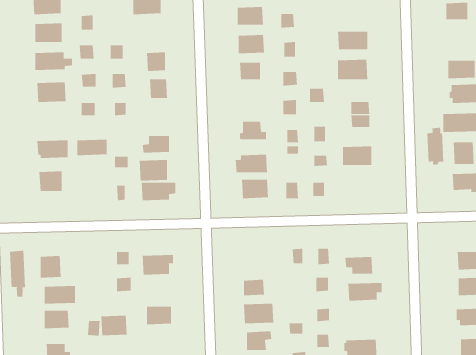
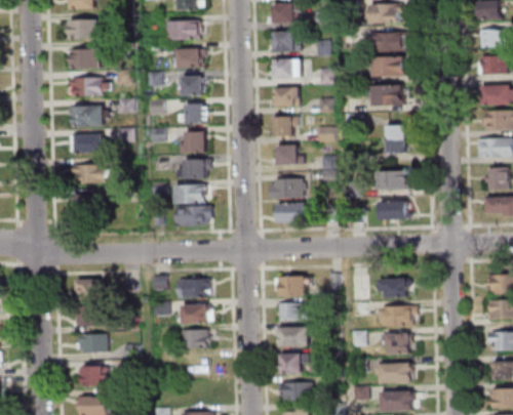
building: none -> [376,32,402,51]
building: none -> [172,48,201,67]
building: none -> [480,55,505,73]
building: none -> [273,115,295,135]
building: none -> [179,132,205,154]
building: [427,127,444,165] -> none
building: [76,139,107,156] -> [70,135,101,152]
building: none -> [378,200,405,219]
building: [9,250,26,298] -> none
building: none -> [279,276,310,295]
building: none -> [381,333,409,355]
building: [101,315,127,336] -> [182,304,208,325]

